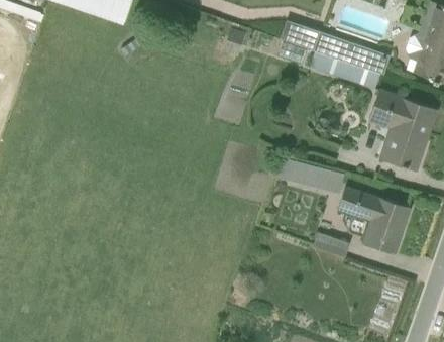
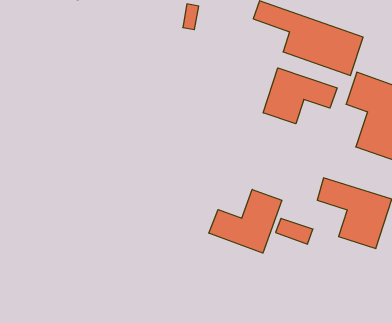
building: none -> [263,68,337,124]
building: none -> [209,189,282,253]

